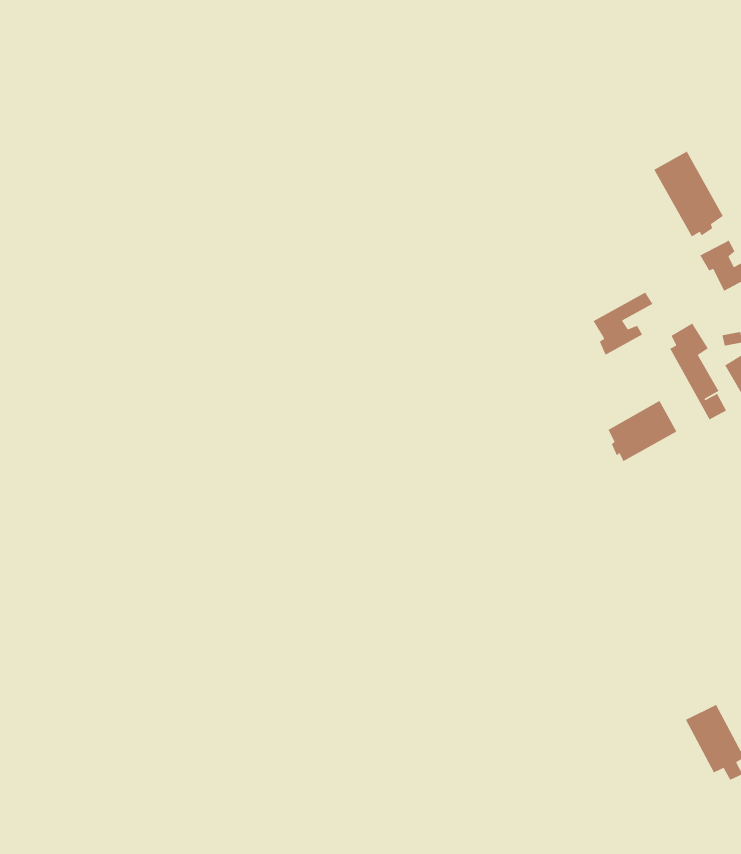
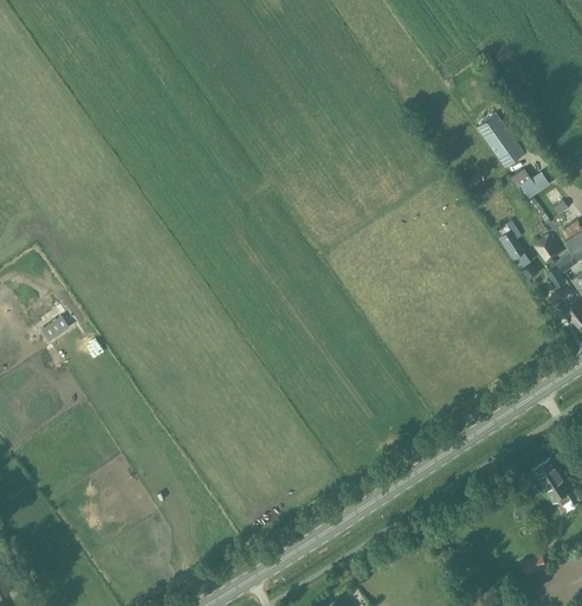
building: [593,291,653,356] -> none
building: [608,400,677,462] -> none

